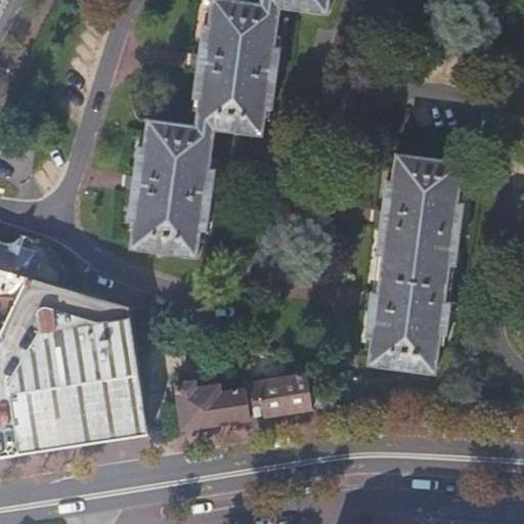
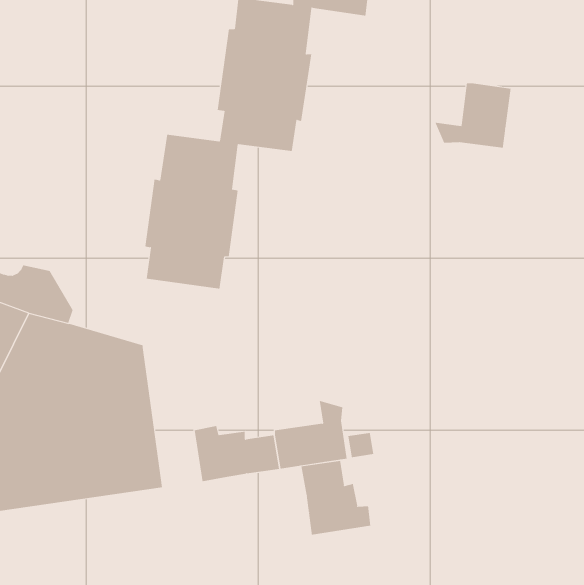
building: none -> [435,82,511,149]
building: [364,154,462,374] -> none
building: none -> [301,460,371,535]

